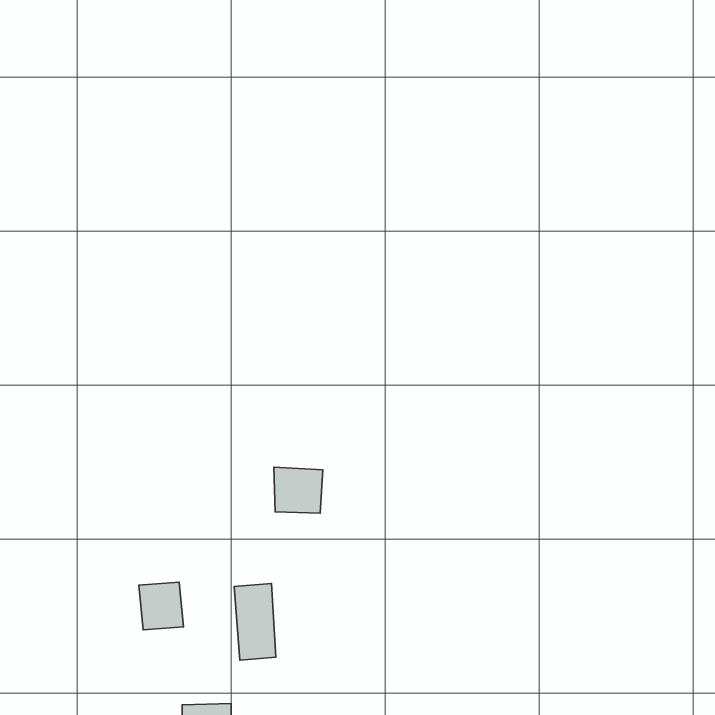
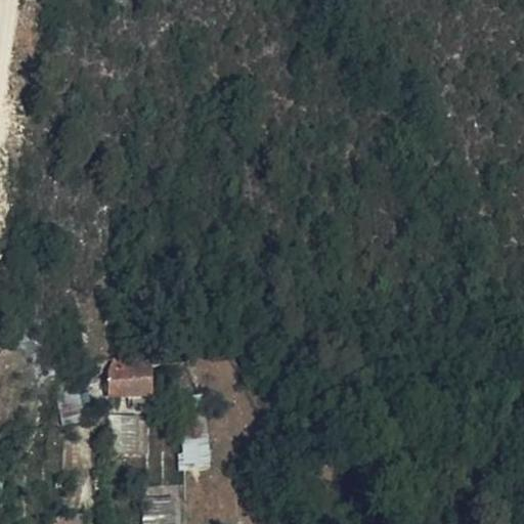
building: [274,467,323,513] -> [127,360,162,393]

